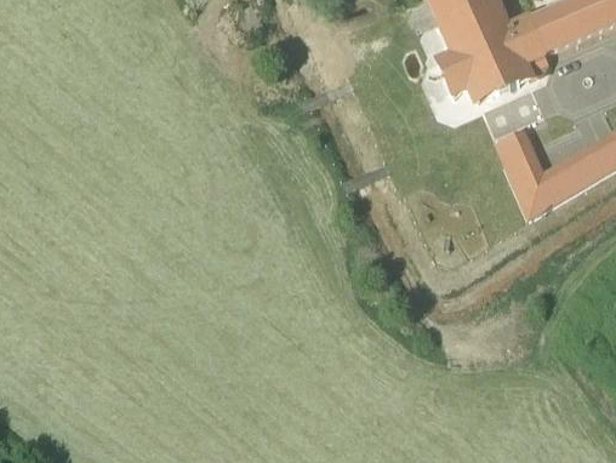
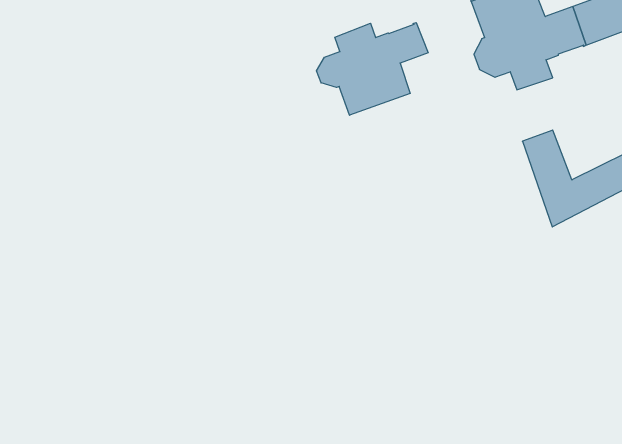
building: none -> [317,23,428,115]

